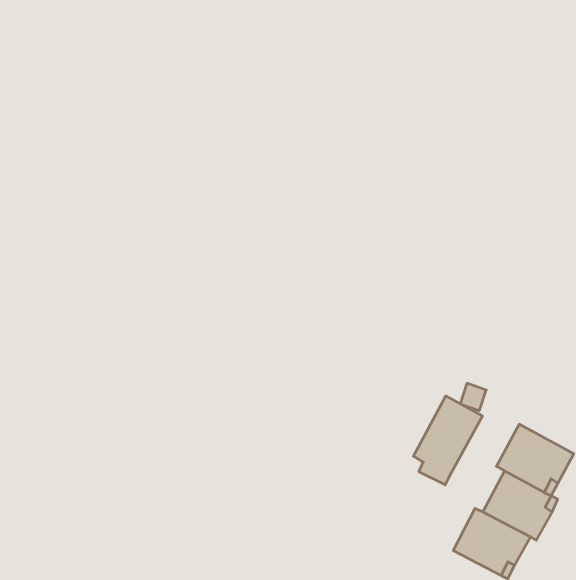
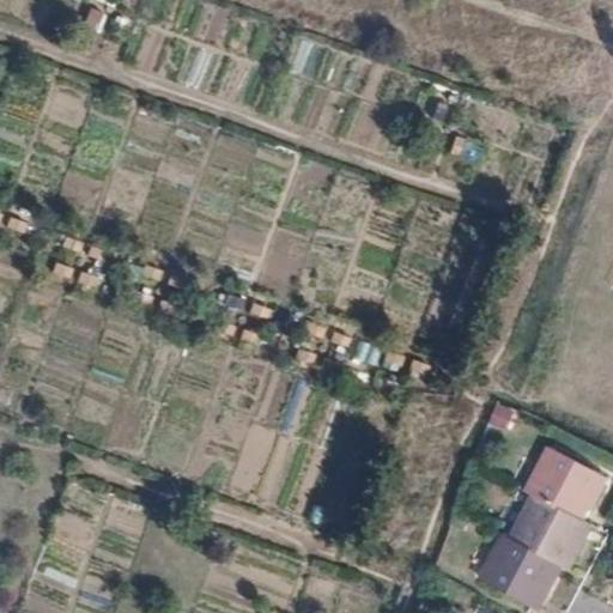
building: [413,396,482,485] -> none

